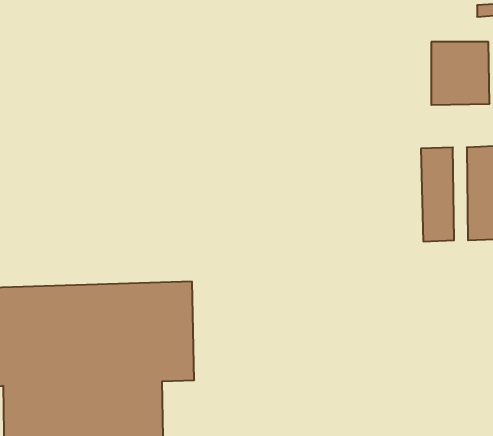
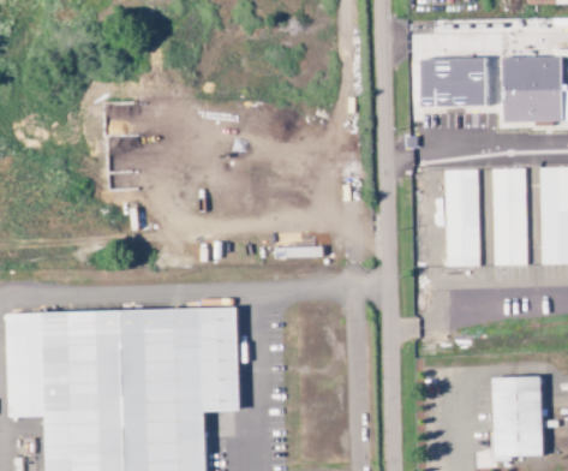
building: none -> [412,58,488,108]
building: none -> [444,168,479,266]
building: none -> [491,376,543,459]

